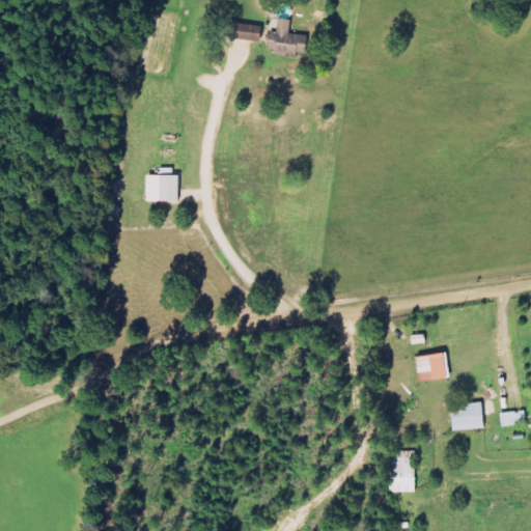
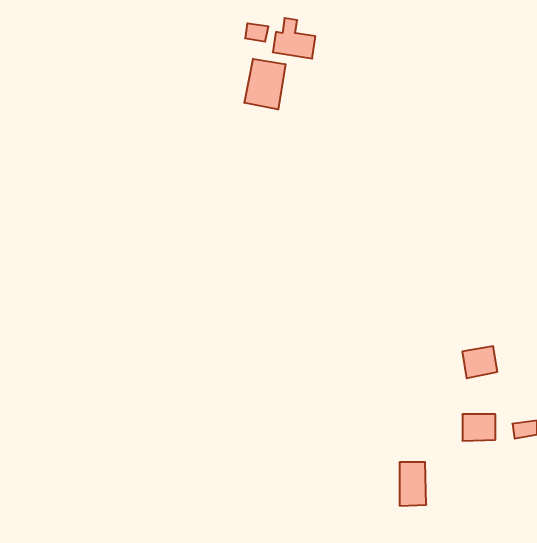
building: none -> [244,59,285,110]
building: [145,174,178,201] -> none
building: [415,352,449,383] -> [462,346,497,378]

